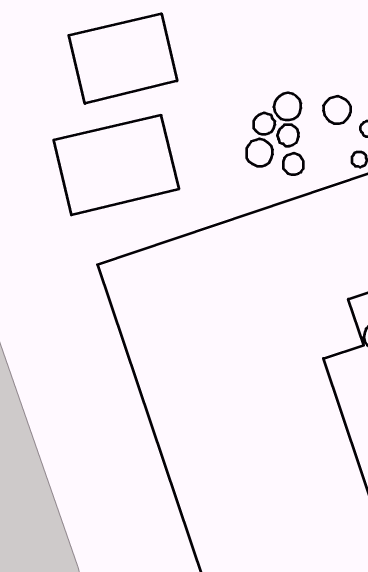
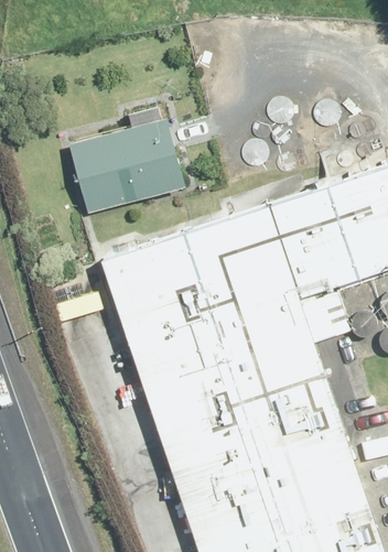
building: [69,14,177,104] -> none

